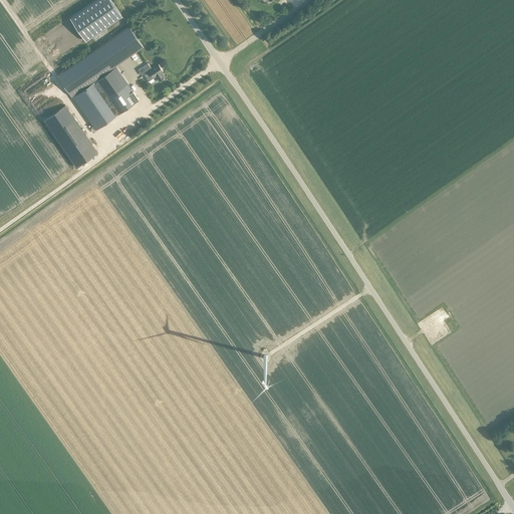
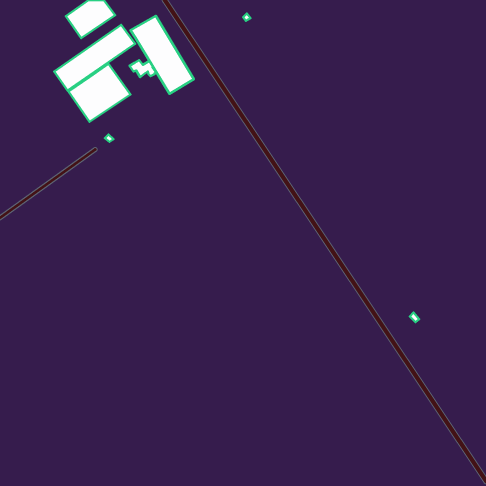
building: none -> [131,16,194,94]
building: [44,106,96,167] -> none

